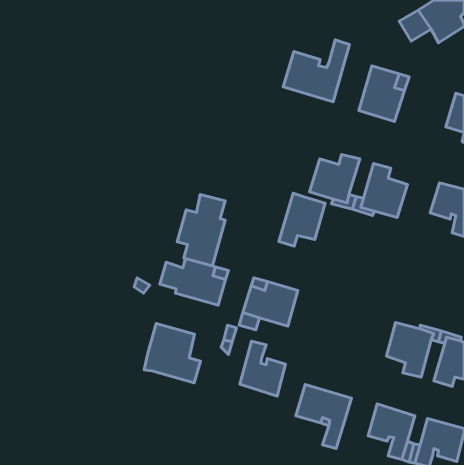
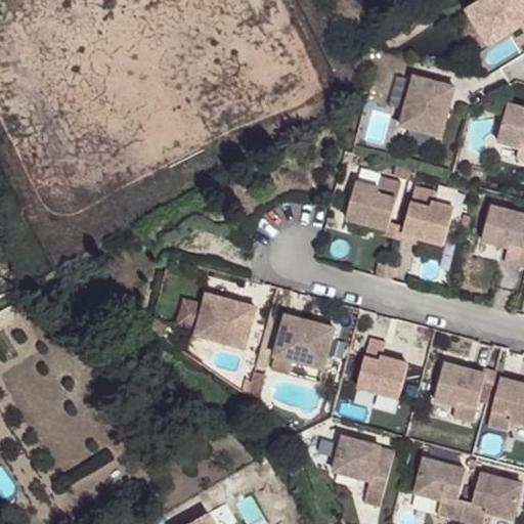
building: [283,40,350,102] -> none
building: [279,193,325,246] -> none
building: [177,194,225,266] -> none
building: [144,324,201,383] -> none
building: [240,341,285,396] -> [356,338,407,399]

